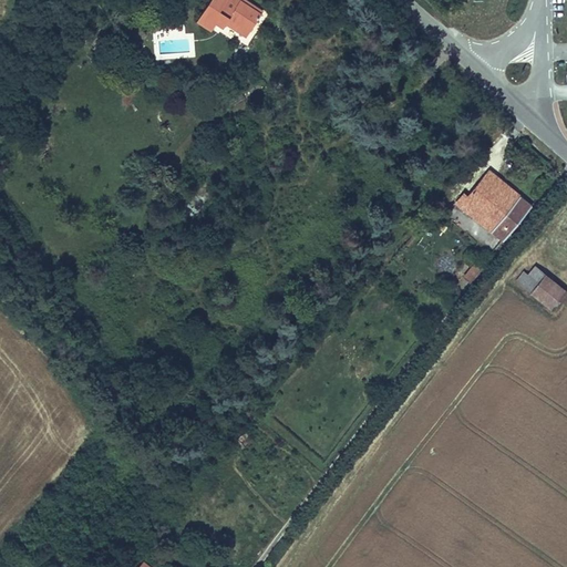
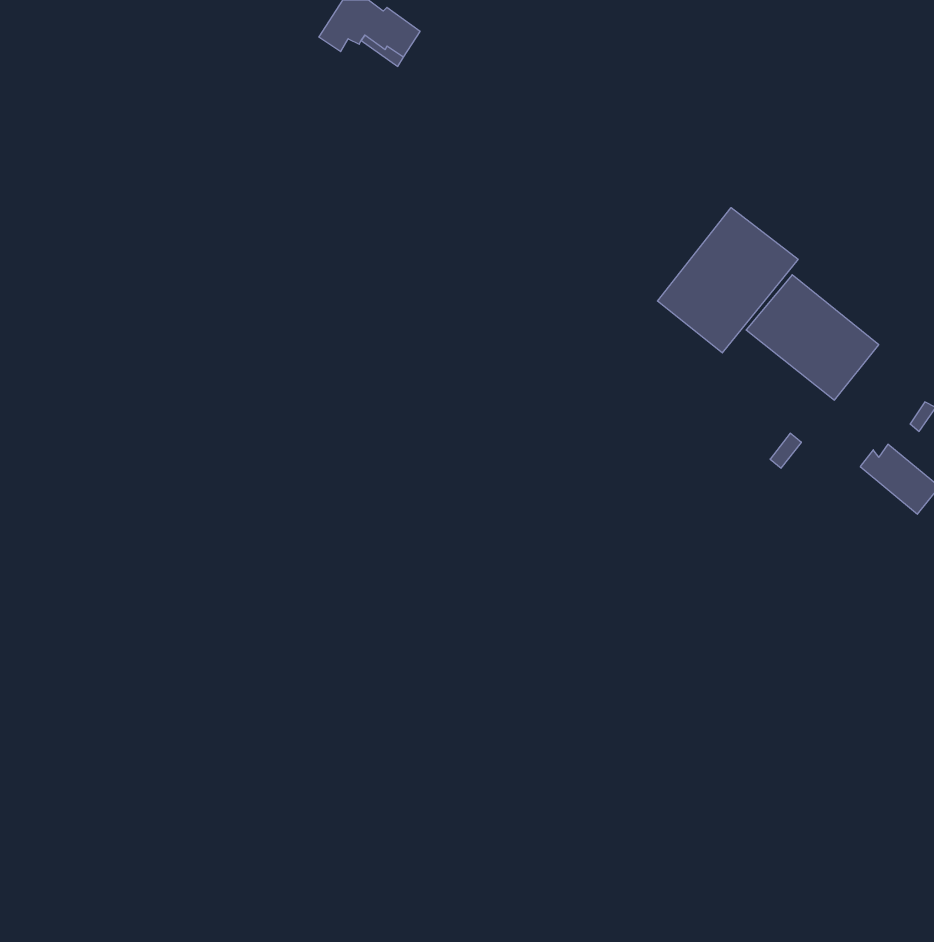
building: none -> [657,208,798,353]

